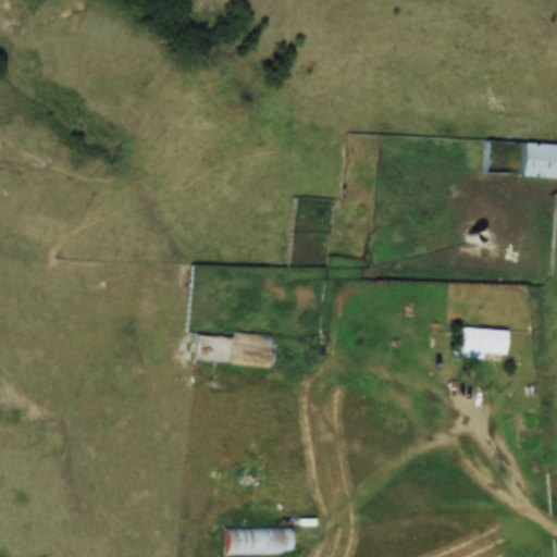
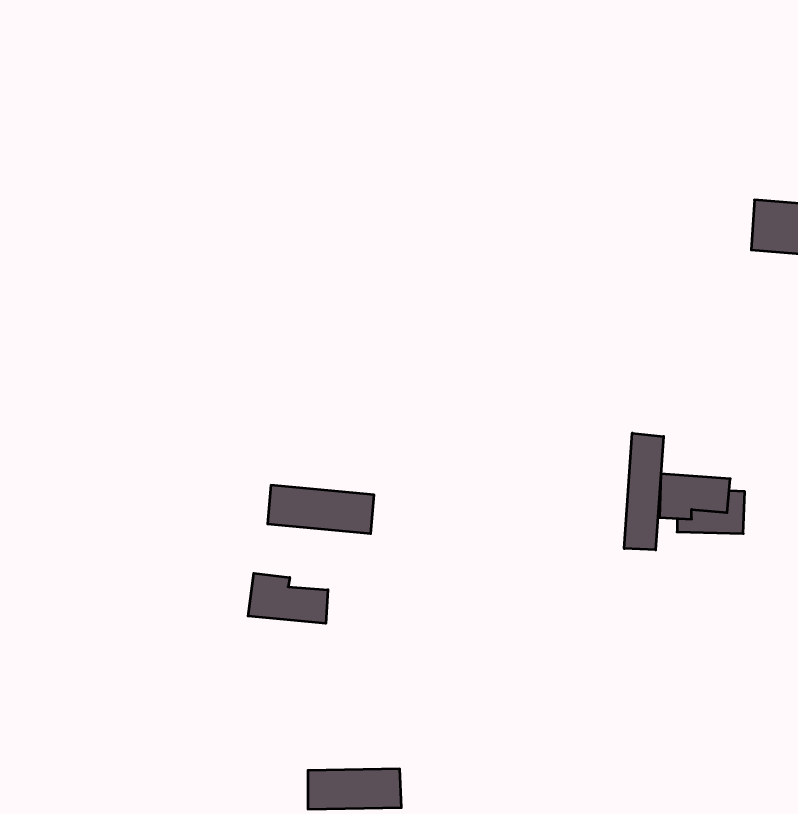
building: none -> [624,433,664,550]
building: none -> [248,573,328,623]

